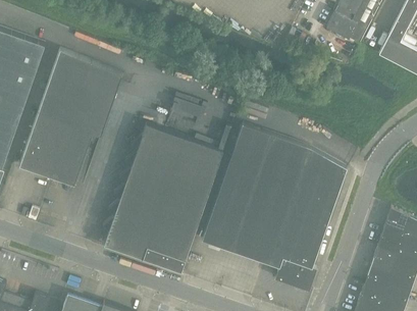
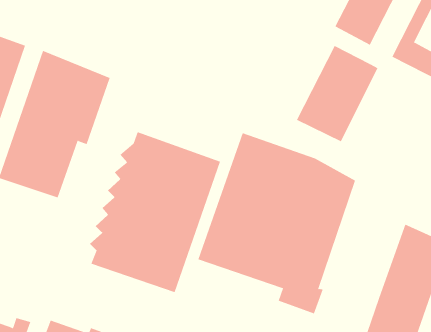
building: none -> [296,45,378,142]

